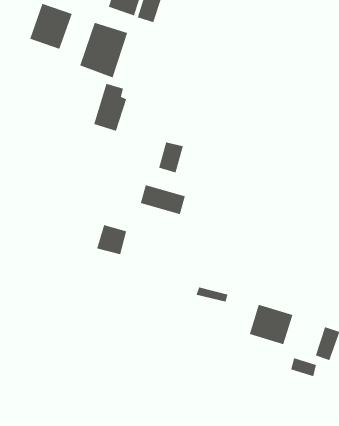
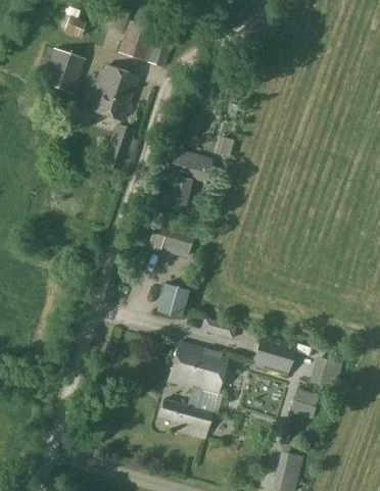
building: none -> [173,152,207,180]
building: [96,224,127,255] -> [158,284,188,313]
building: none -> [160,341,228,439]

